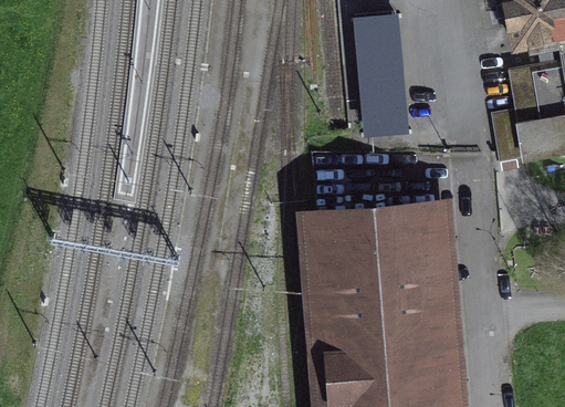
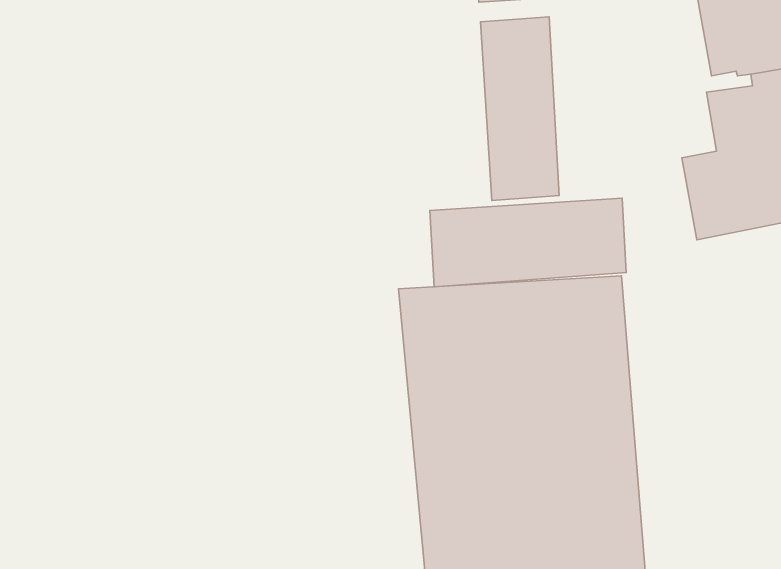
building: none -> [430,198,626,287]

